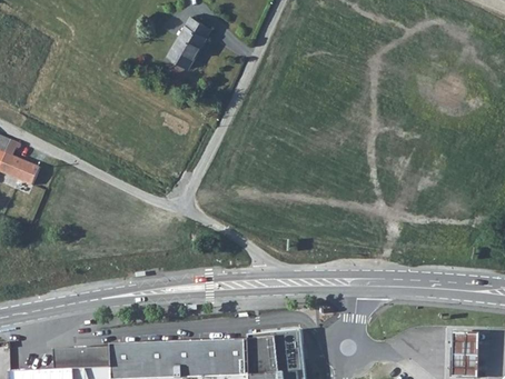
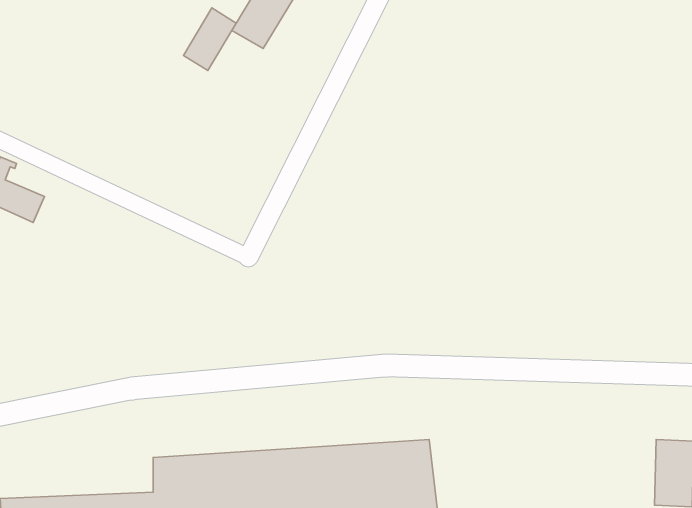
building: none -> [183,8,236,70]

